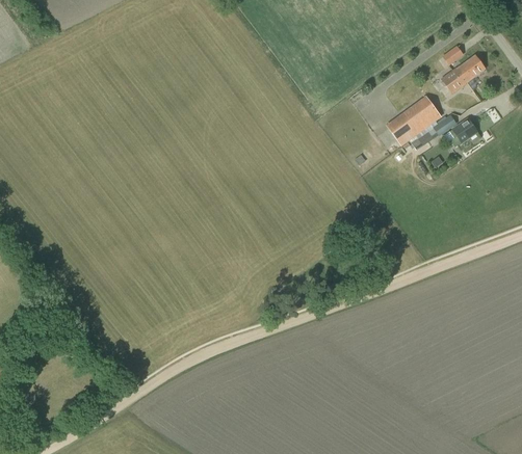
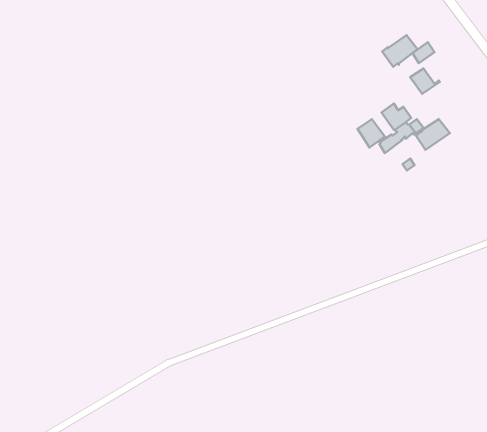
building: [452,53,486,83] -> [382,35,417,67]

